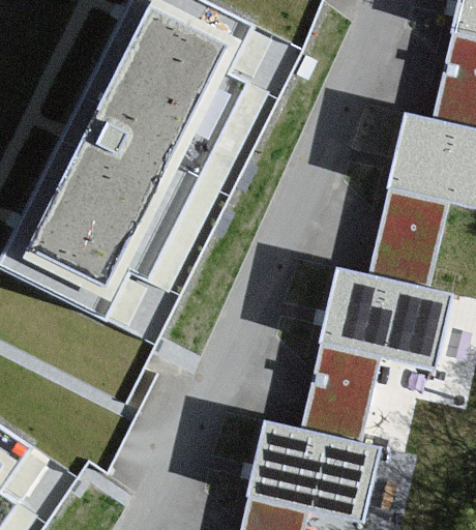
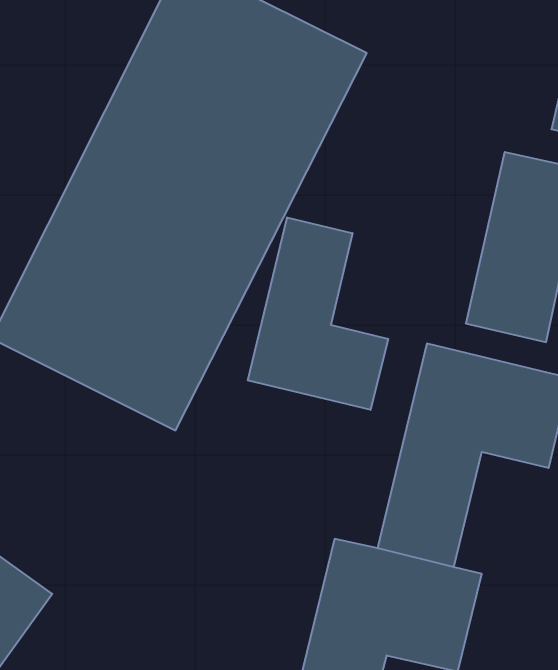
building: none -> [248,217,388,410]

